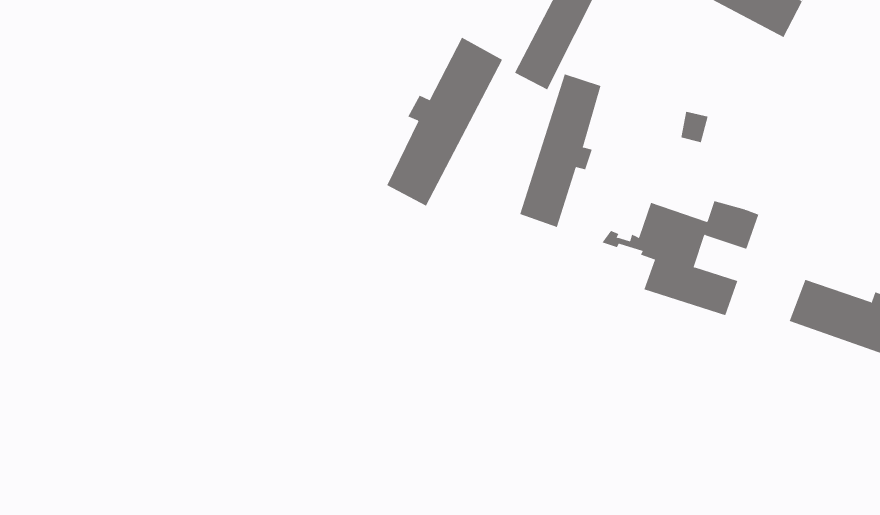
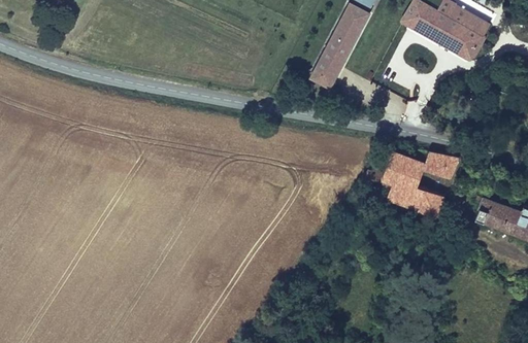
building: [386,37,503,206] -> none
building: [519,74,601,228] -> none

